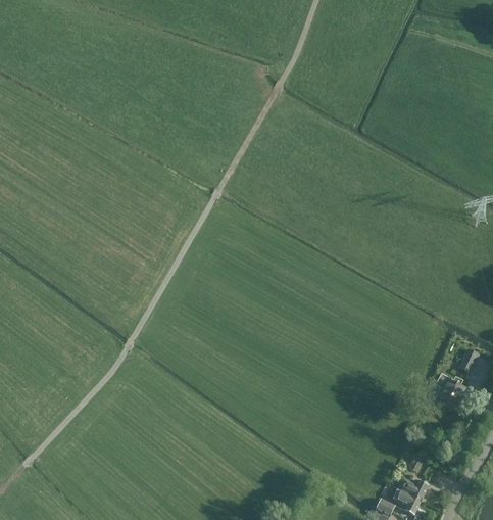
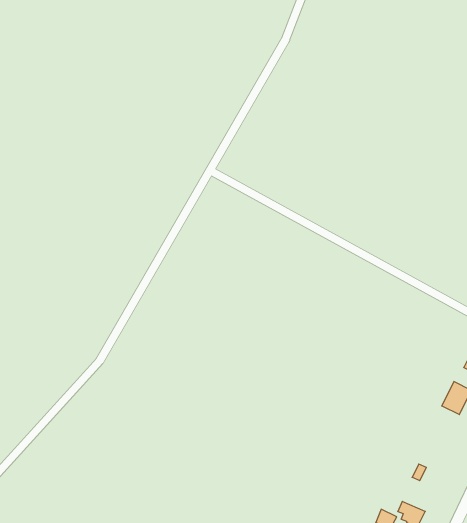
building: [397,477,429,501] -> none

